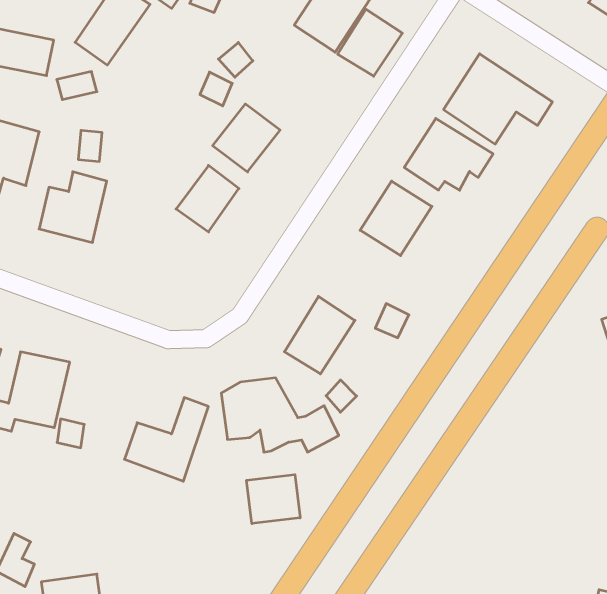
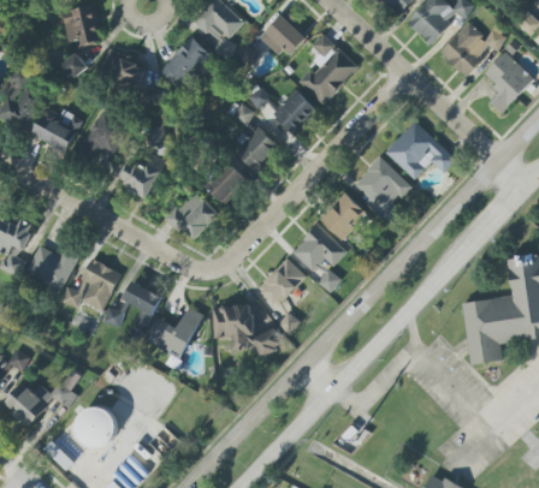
building: [338,9,402,76] -> [273,90,316,133]
building: none -> [167,190,219,242]
building: none -> [291,224,346,270]
building: none -> [123,282,161,314]
building: [247,475,300,524] -> none

